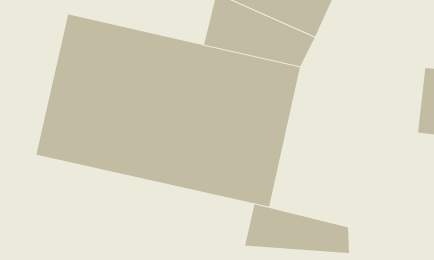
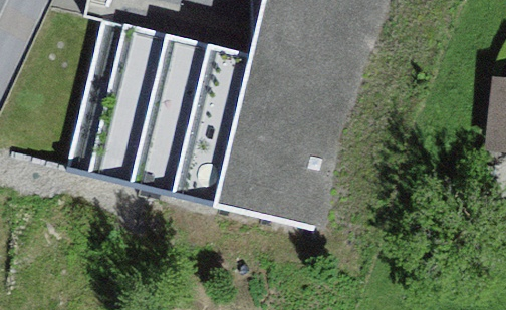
building: [244,204,350,254] -> none

